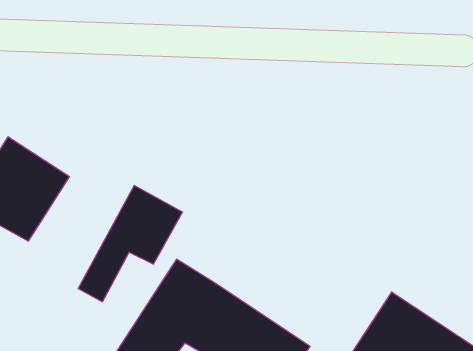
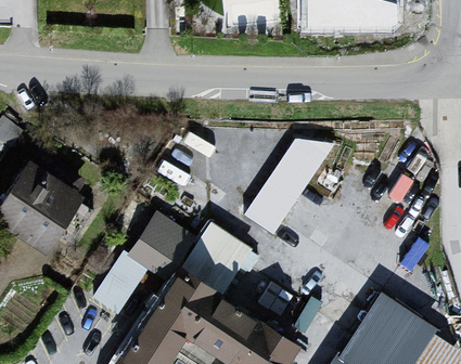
building: none -> [239,140,331,237]
building: none -> [185,216,258,280]

